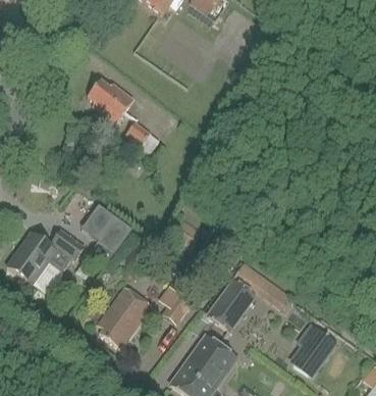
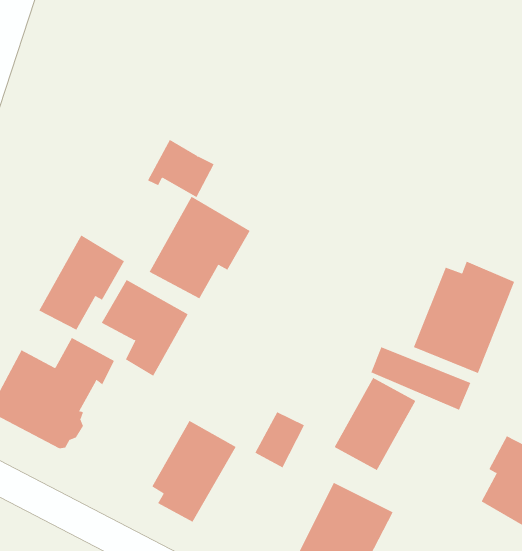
building: [89,81,132,121] -> none
building: none -> [149,196,250,299]
building: none -> [38,234,125,331]
building: none -> [413,261,515,374]

